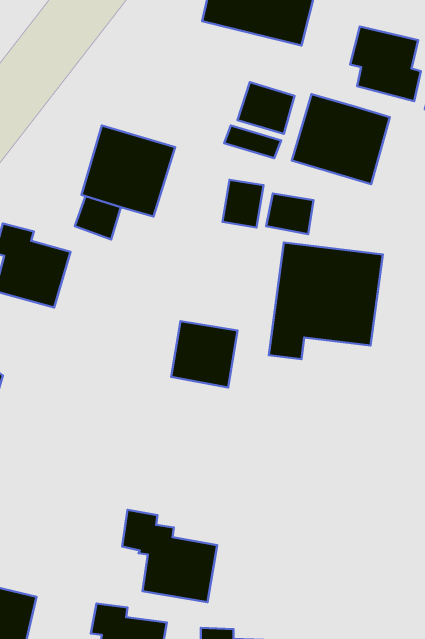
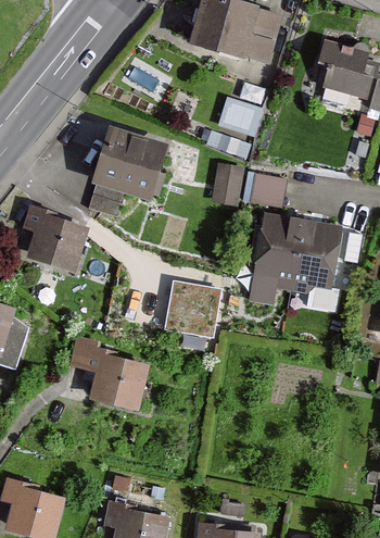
building: [292,94,390,184] -> none
building: [122,510,217,602] -> [71,337,147,411]

